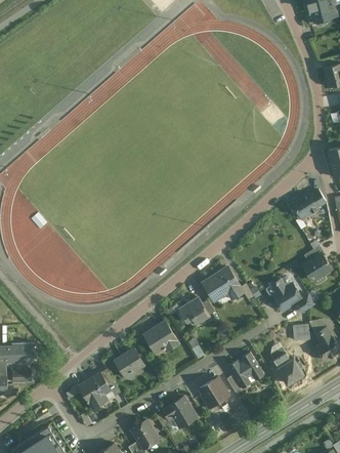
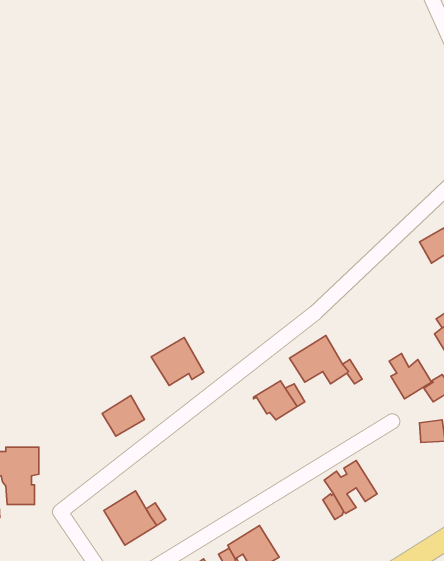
building: [143,320,179,353] -> [151,337,204,386]
building: [116,347,144,375] -> [102,395,144,436]
building: [270,347,304,383] -> none
building: [200,376,230,408] -> none

